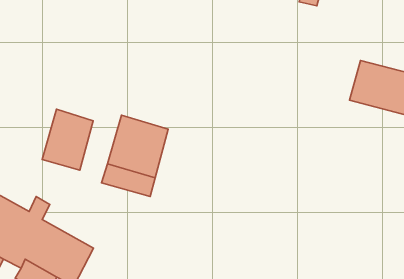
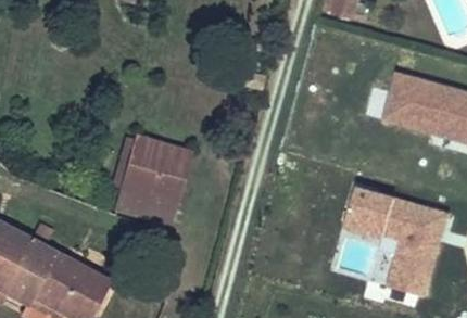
building: [42,109,93,170] -> none
building: none -> [350,191,442,287]

